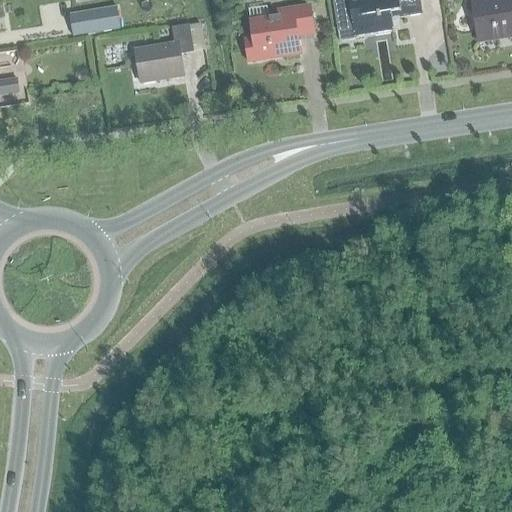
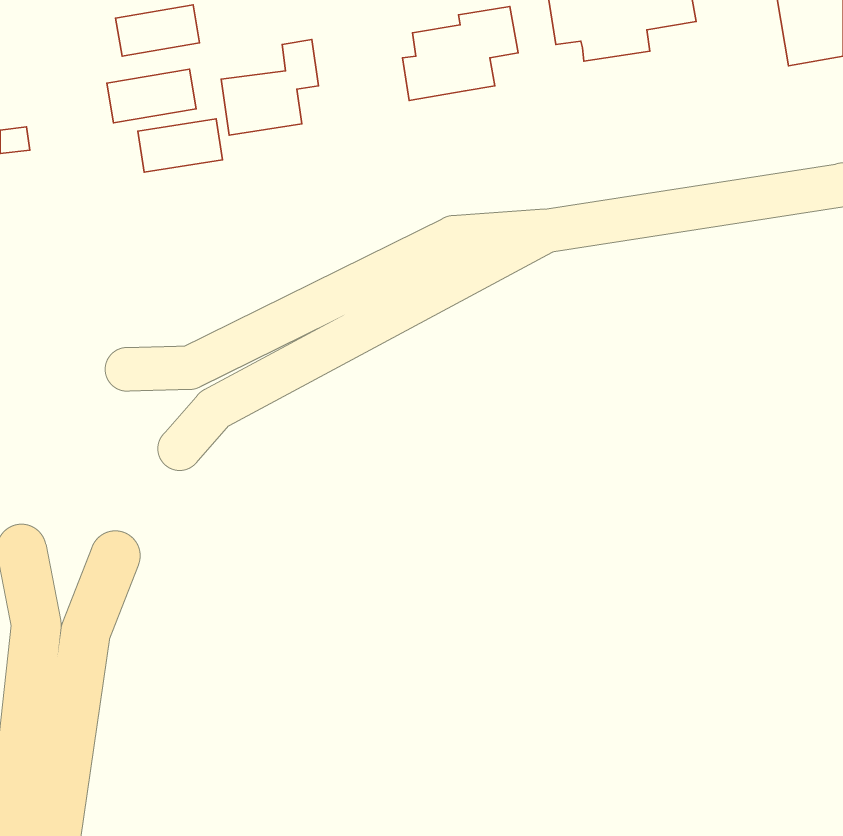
building: none -> [107,69,196,123]
building: none -> [138,119,223,172]

